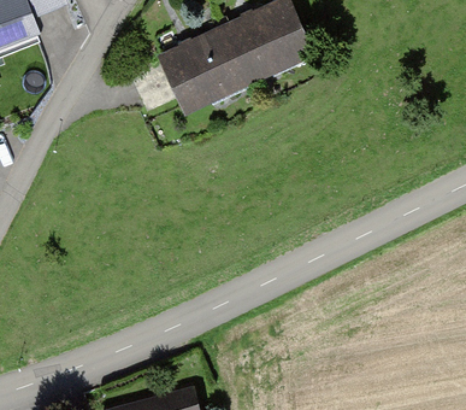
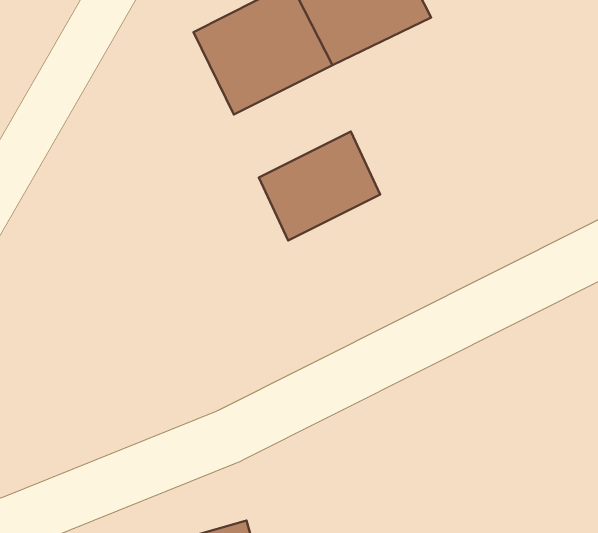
building: none -> [259,131,380,240]

